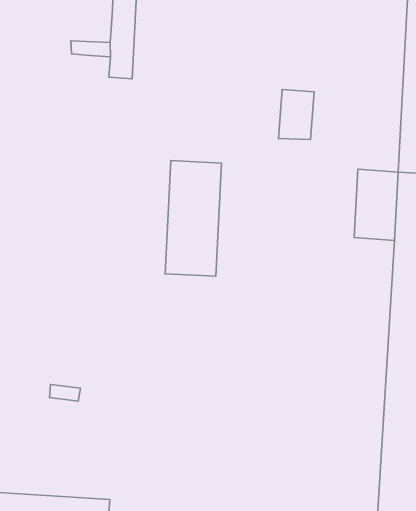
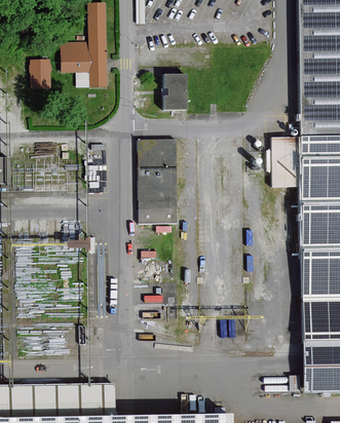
building: none -> [62,42,89,63]
building: none -> [31,60,50,88]
building: [278,89,314,140] -> [163,75,186,110]

